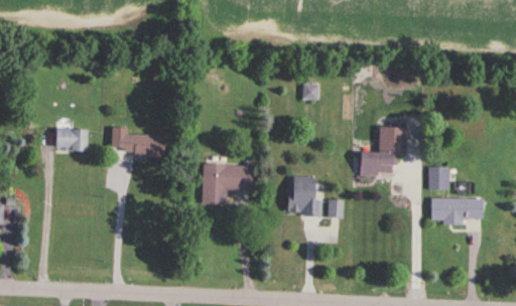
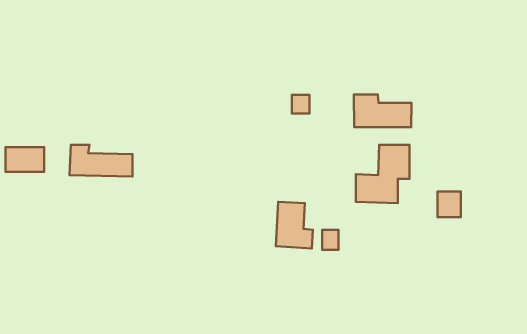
building: none -> [354,94,411,127]
building: [202,163,252,204] -> none
building: [431,196,484,220] -> none

